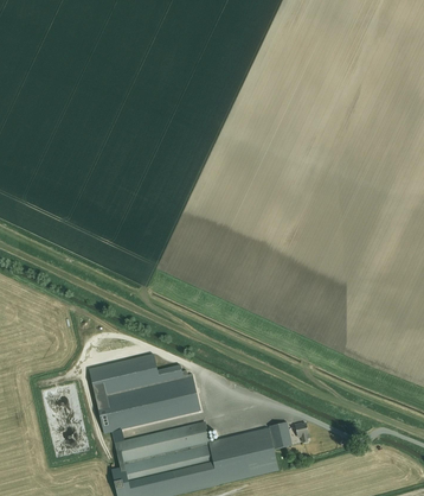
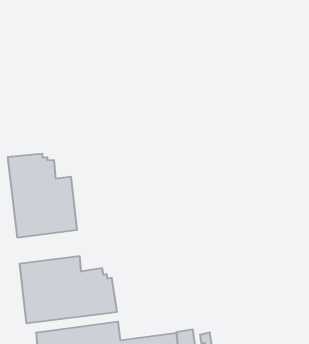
building: none -> [8,154,77,238]

